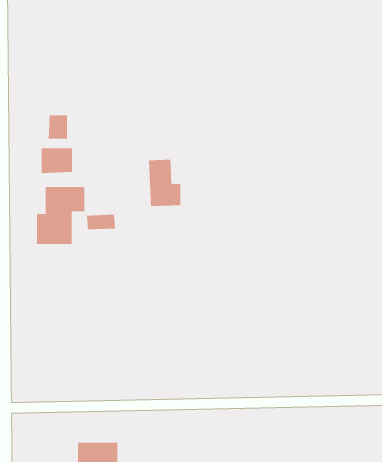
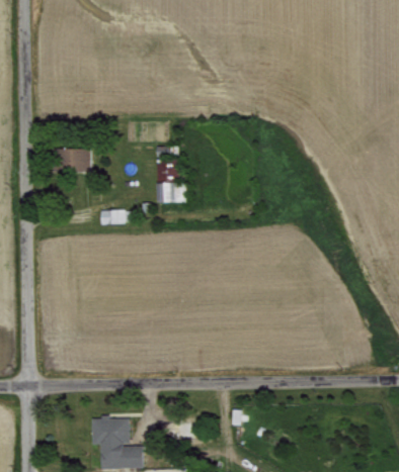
building: [48,115,67,139] -> none
building: [36,186,85,245] -> none

